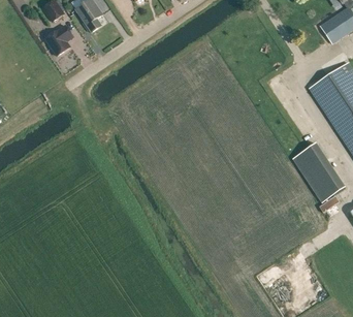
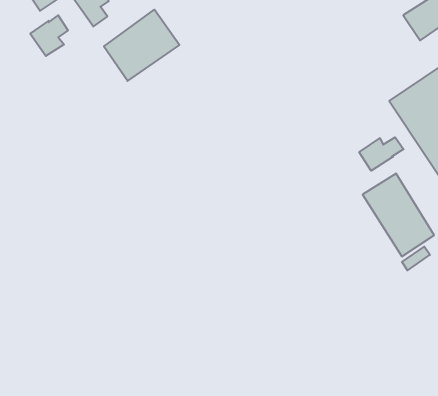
building: none -> [104,10,179,81]
building: none -> [359,137,404,171]

